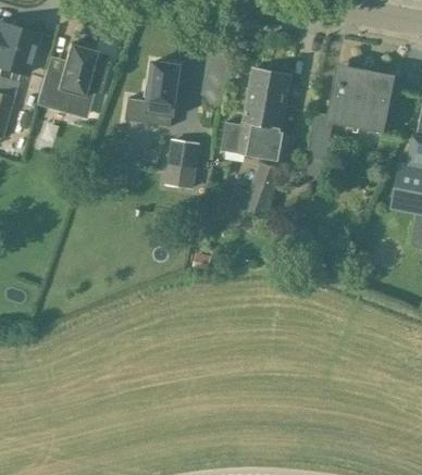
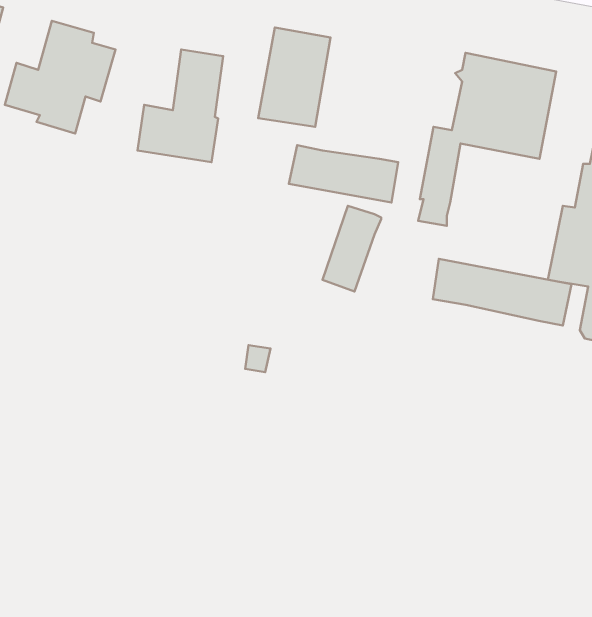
building: [244,67,290,132] -> [258,28,330,127]
building: [165,141,198,188] -> none
building: none -> [433,259,571,325]

